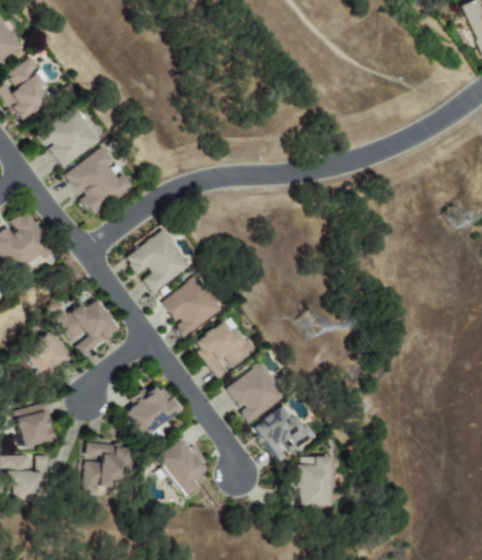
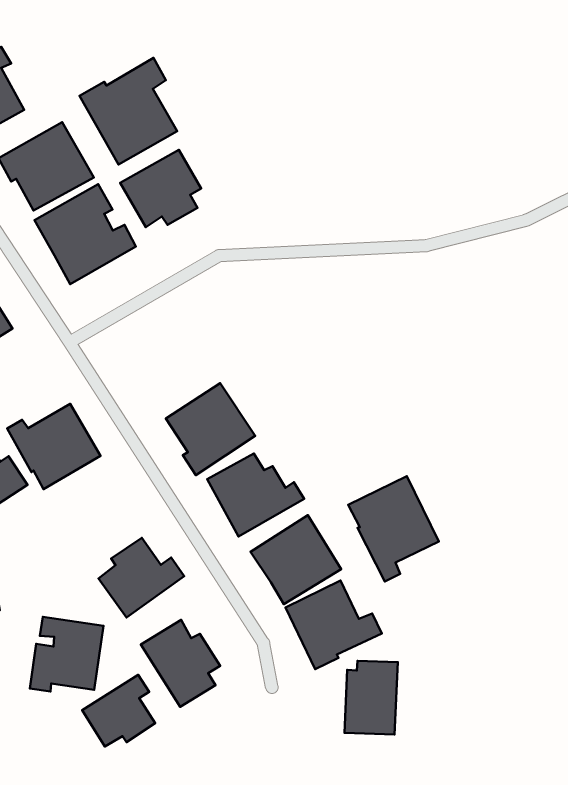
building: none -> [79,58,177,164]
building: none -> [120,150,201,227]
building: [126,230,191,293] -> none
building: none -> [348,476,439,582]
building: none -> [82,675,155,746]

